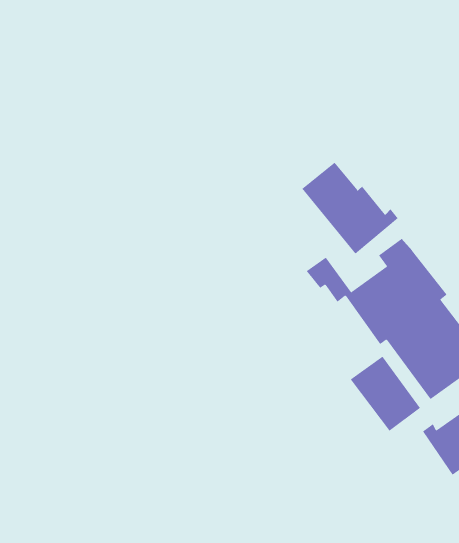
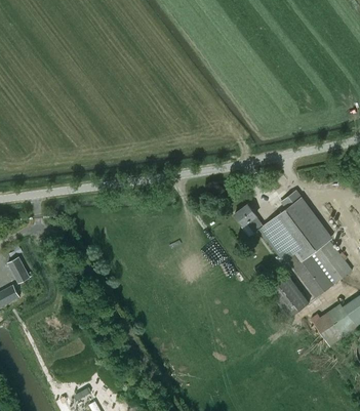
building: [301,162,398,255] -> none

